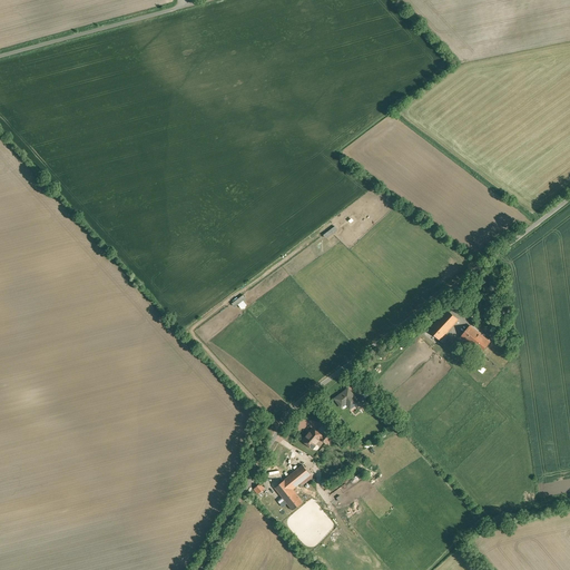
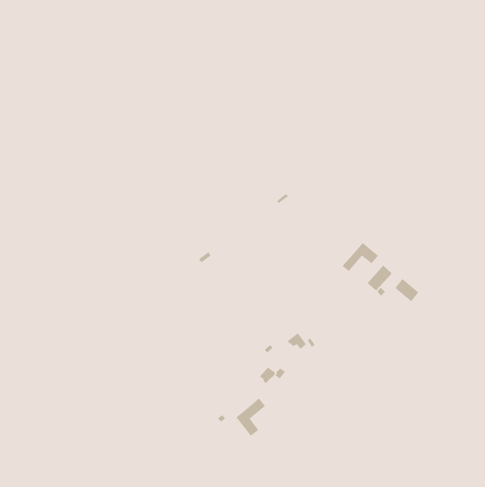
building: none -> [342,242,379,272]

